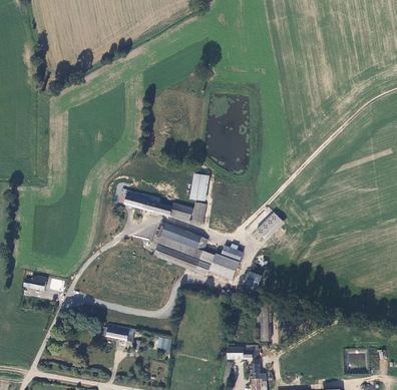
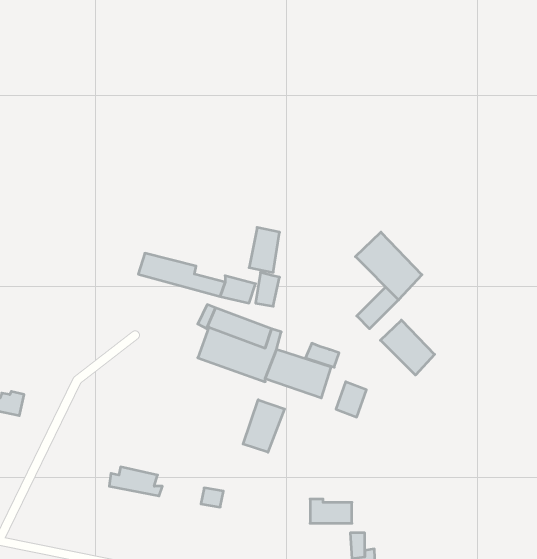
building: none -> [355,232,422,300]
building: none -> [380,320,435,375]
building: none -> [243,400,285,452]

